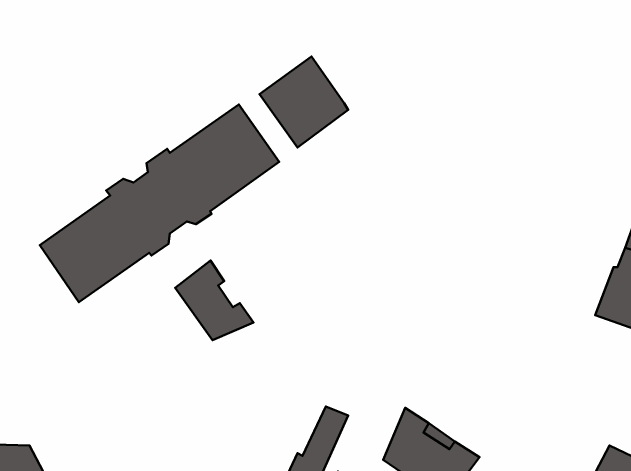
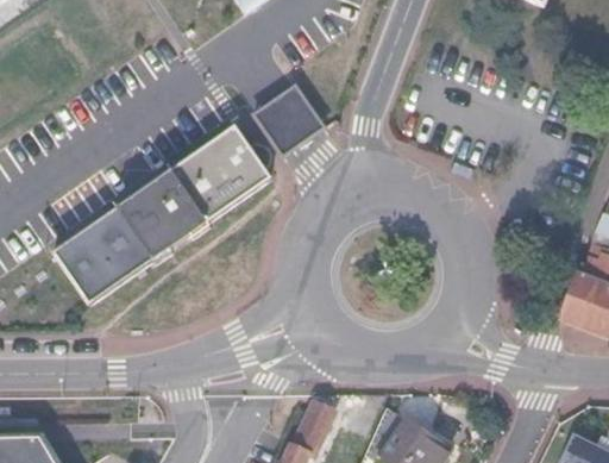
building: [175,261,253,340] -> none

